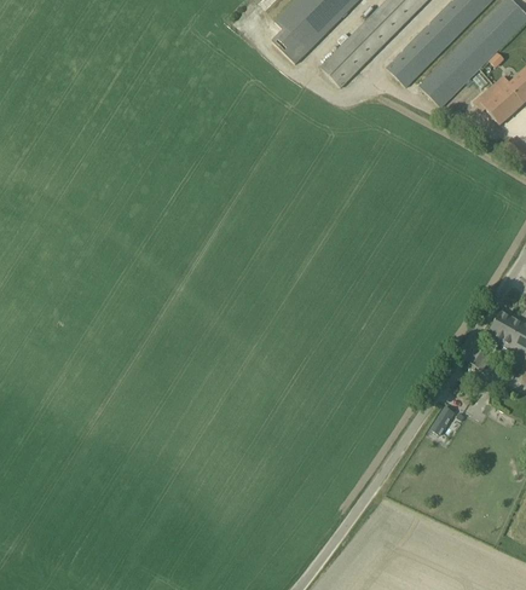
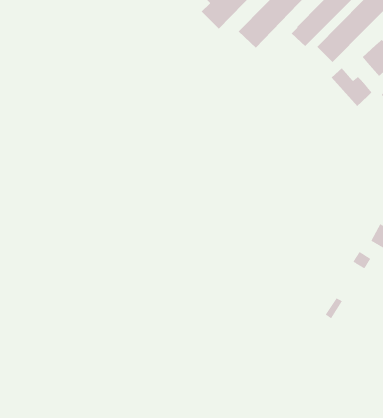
building: none -> [331,67,372,107]

